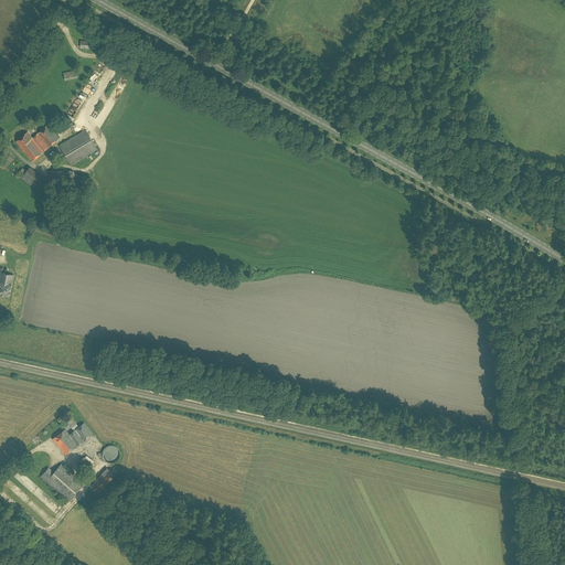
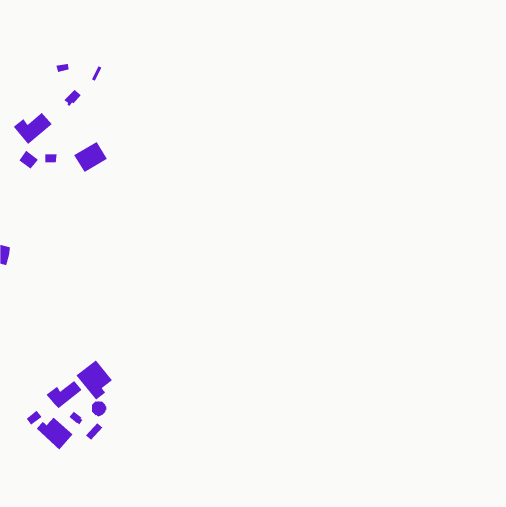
building: [57,130,96,166] -> [73,141,108,173]
building: none -> [76,359,113,401]

